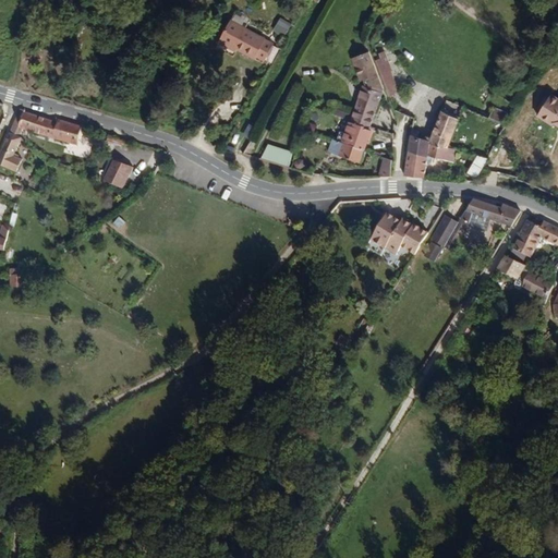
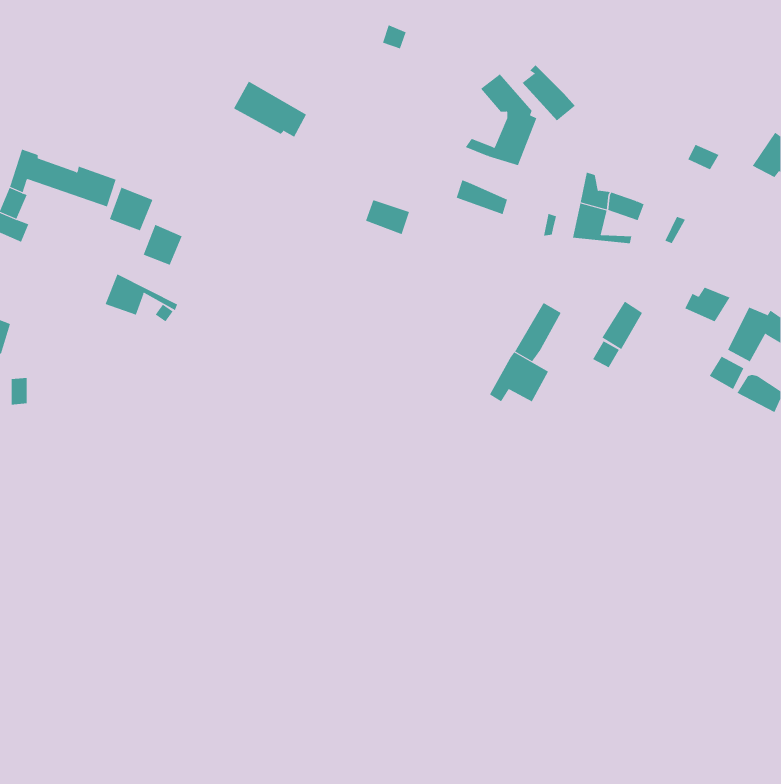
building: [220,11,272,51] -> [233,81,307,138]
building: [434,107,464,143] -> none
building: [333,111,371,143] -> none
building: none -> [109,187,153,231]
building: none -> [105,273,178,315]
building: [458,199,492,228] -> none
building: [384,219,426,255] -> [489,351,549,402]

